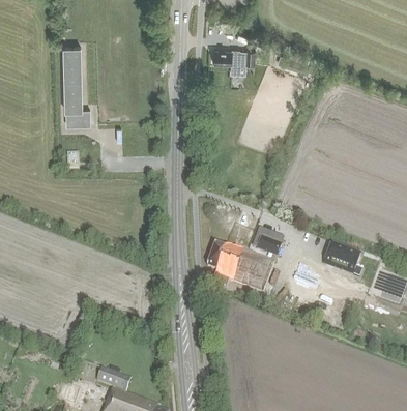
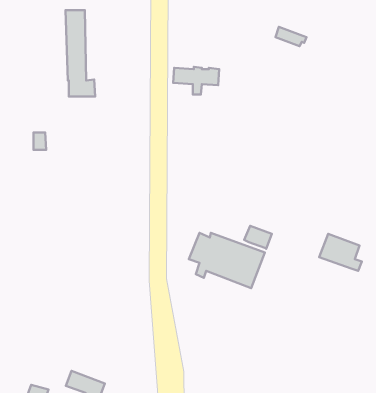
building: [62,46,89,123] -> [65,10,95,97]
building: [212,47,254,71] -> [173,67,219,94]

